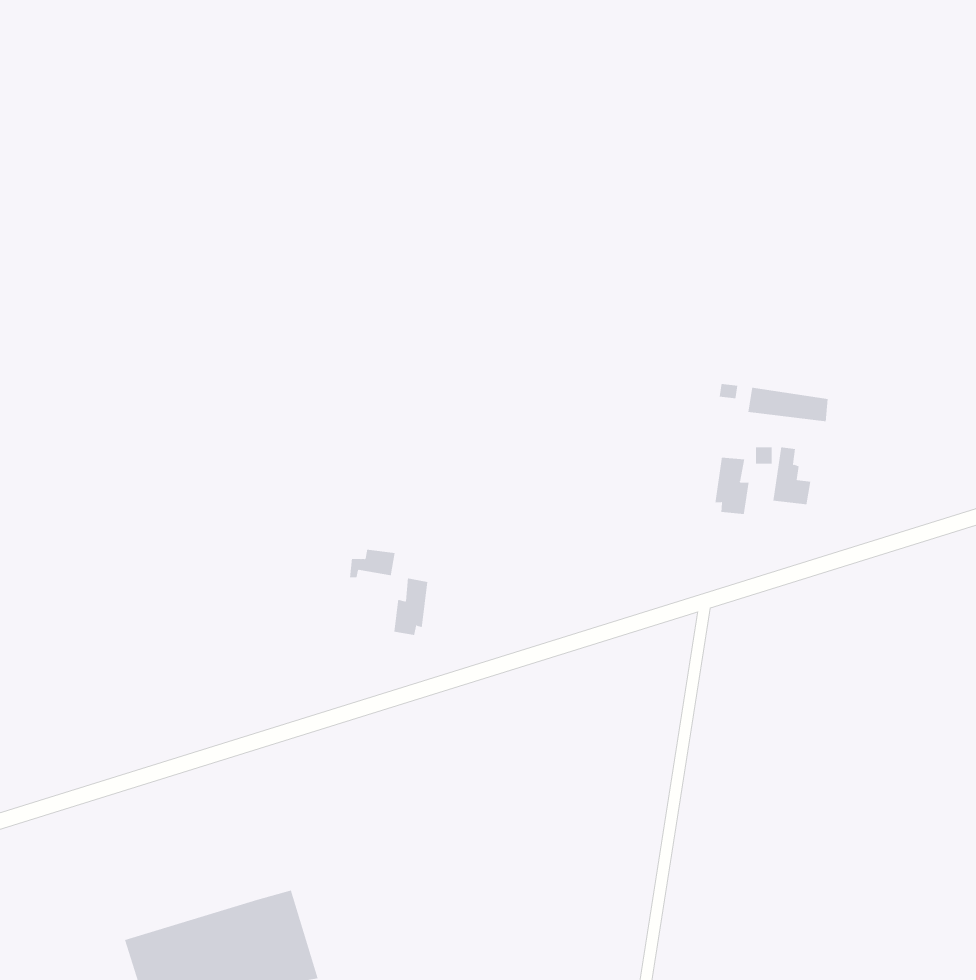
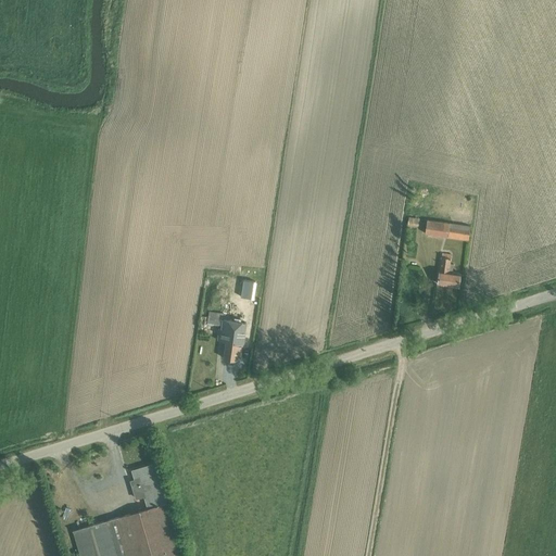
building: [715,457,749,515] -> none
building: none -> [128,464,165,509]

